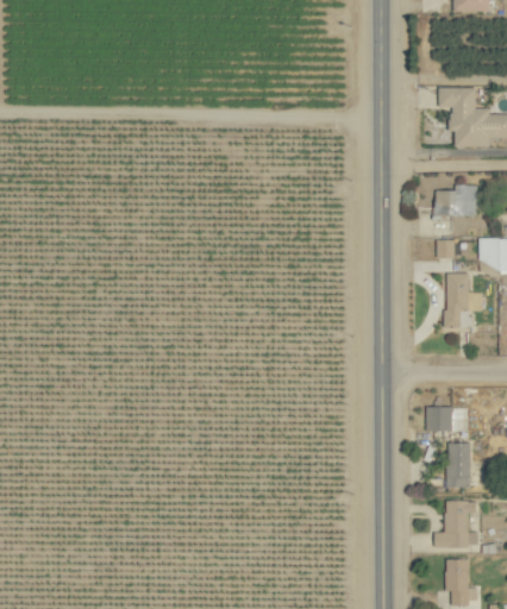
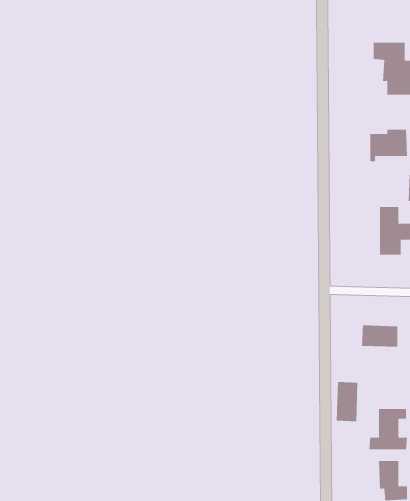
building: [446,442,471,488] -> [336,382,358,422]

